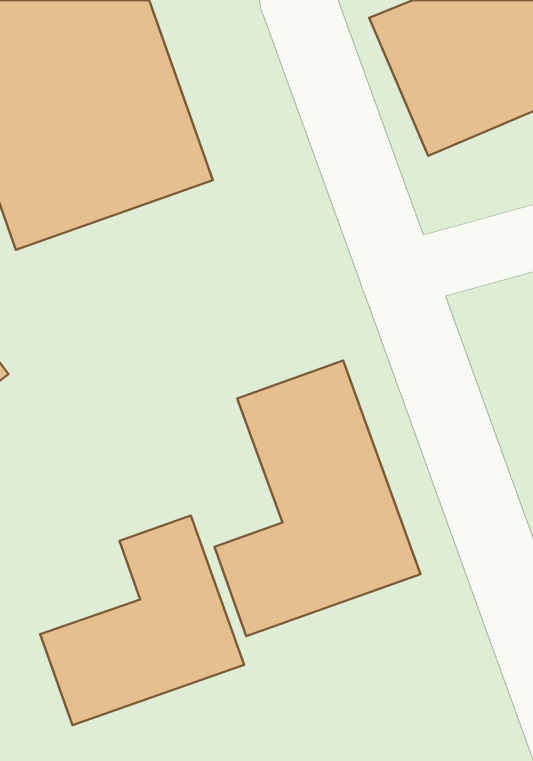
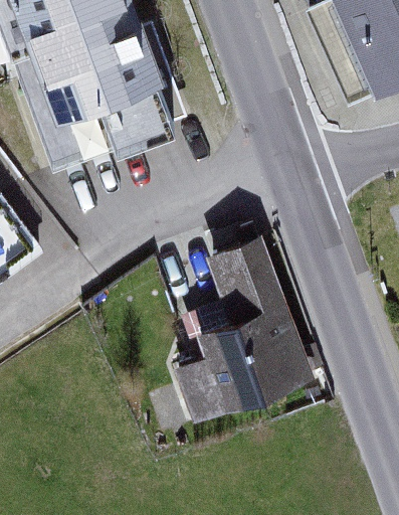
building: [40,515,244,725] -> none

